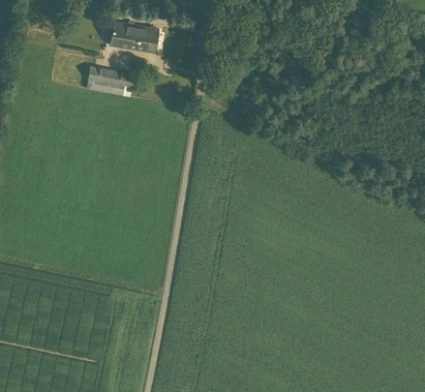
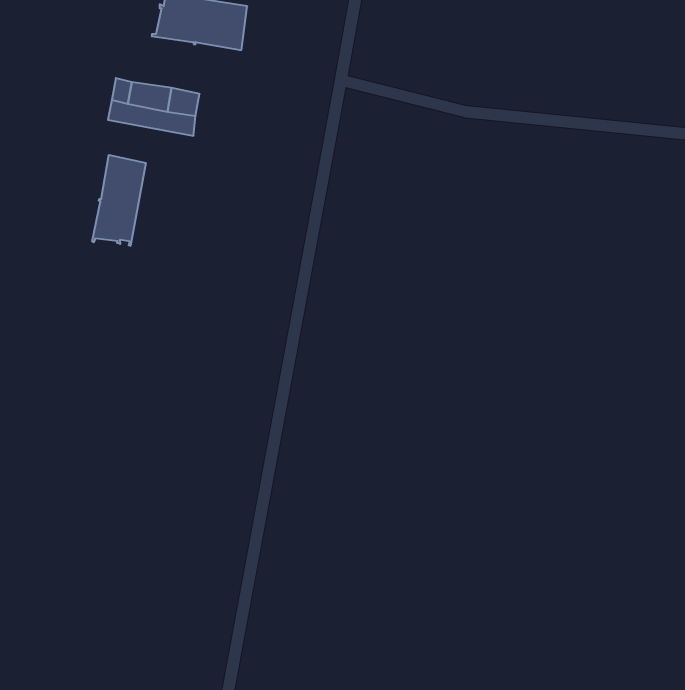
building: none -> [92,155,146,246]

